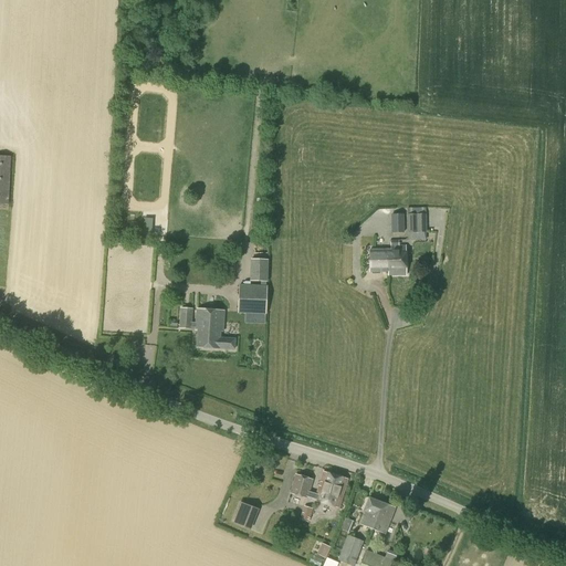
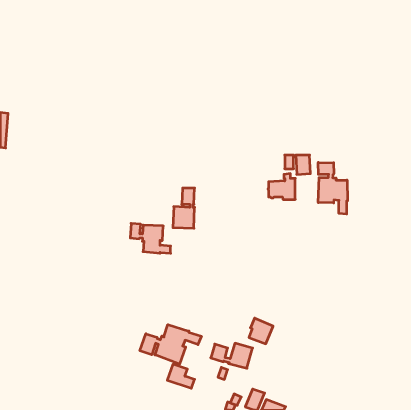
building: none -> [318,162,347,214]
building: none -> [140,325,201,364]
building: [361,496,395,532] -> [249,318,273,344]

